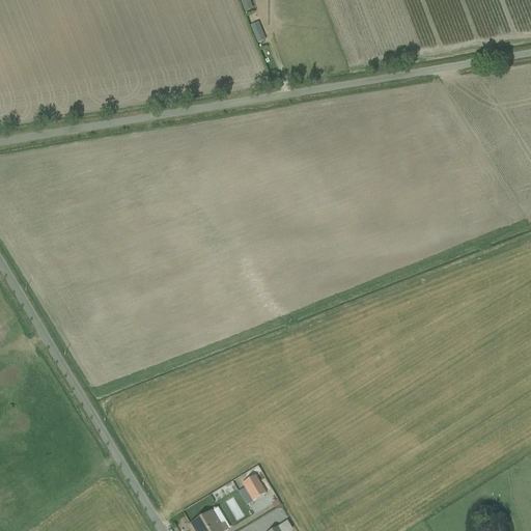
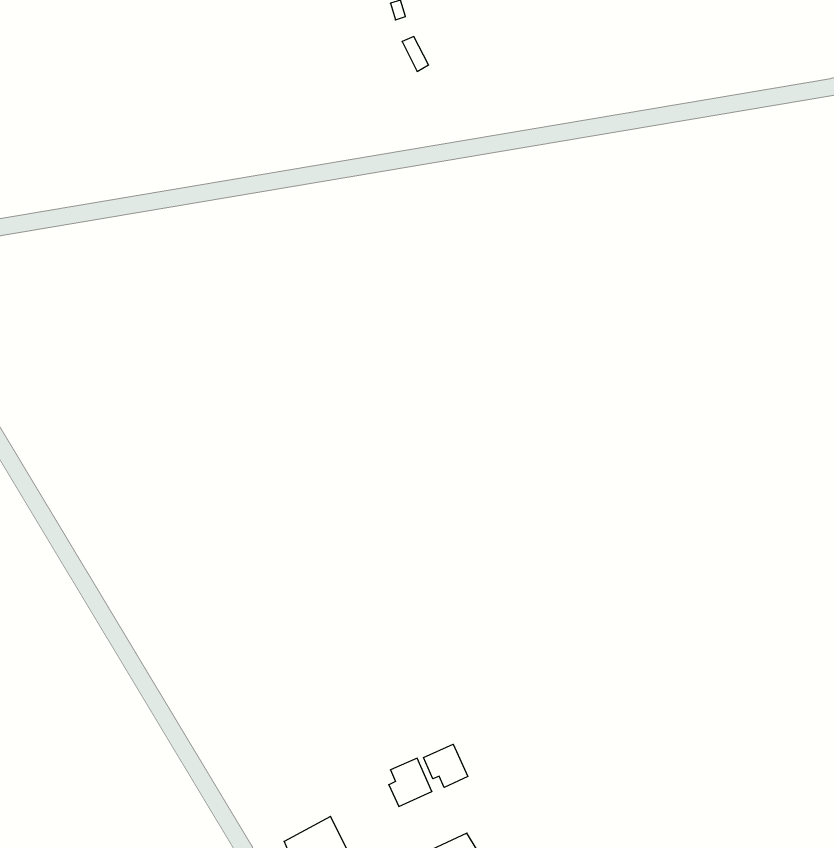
building: none -> [424,744,468,787]

